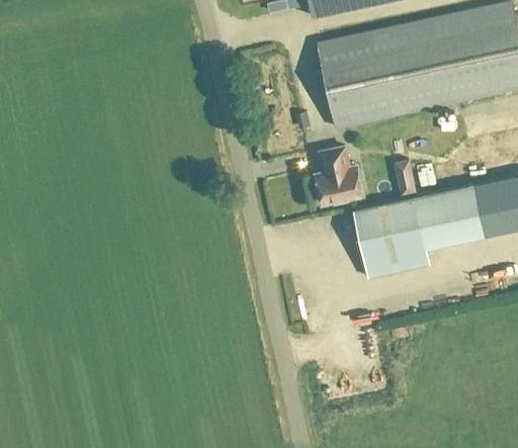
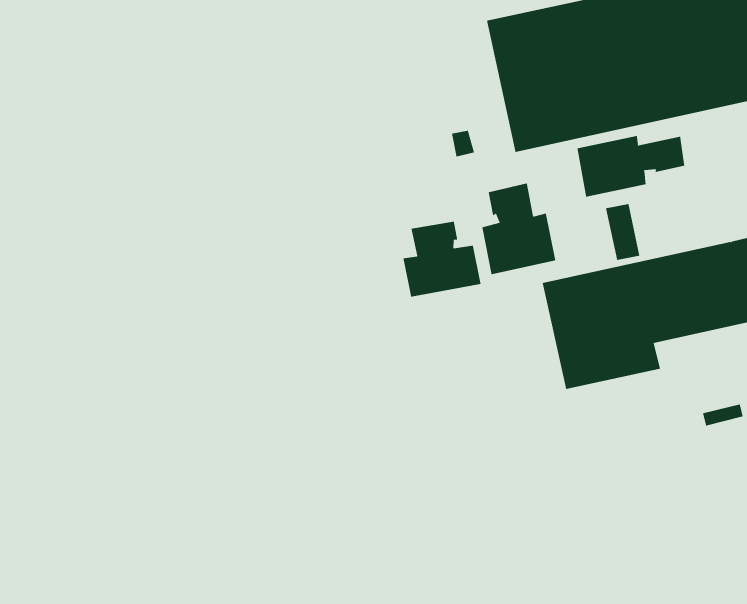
building: none -> [577,135,685,197]
building: none -> [403,221,481,297]

